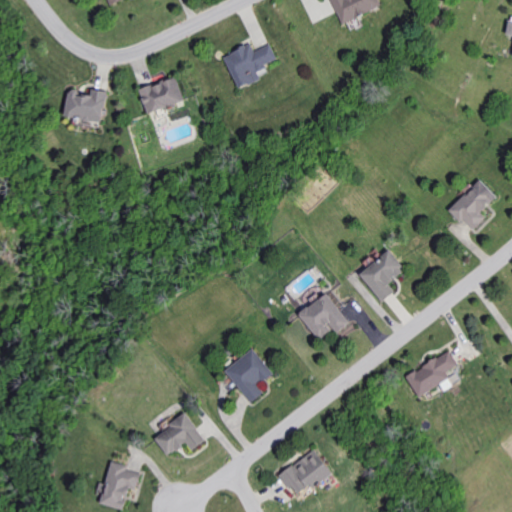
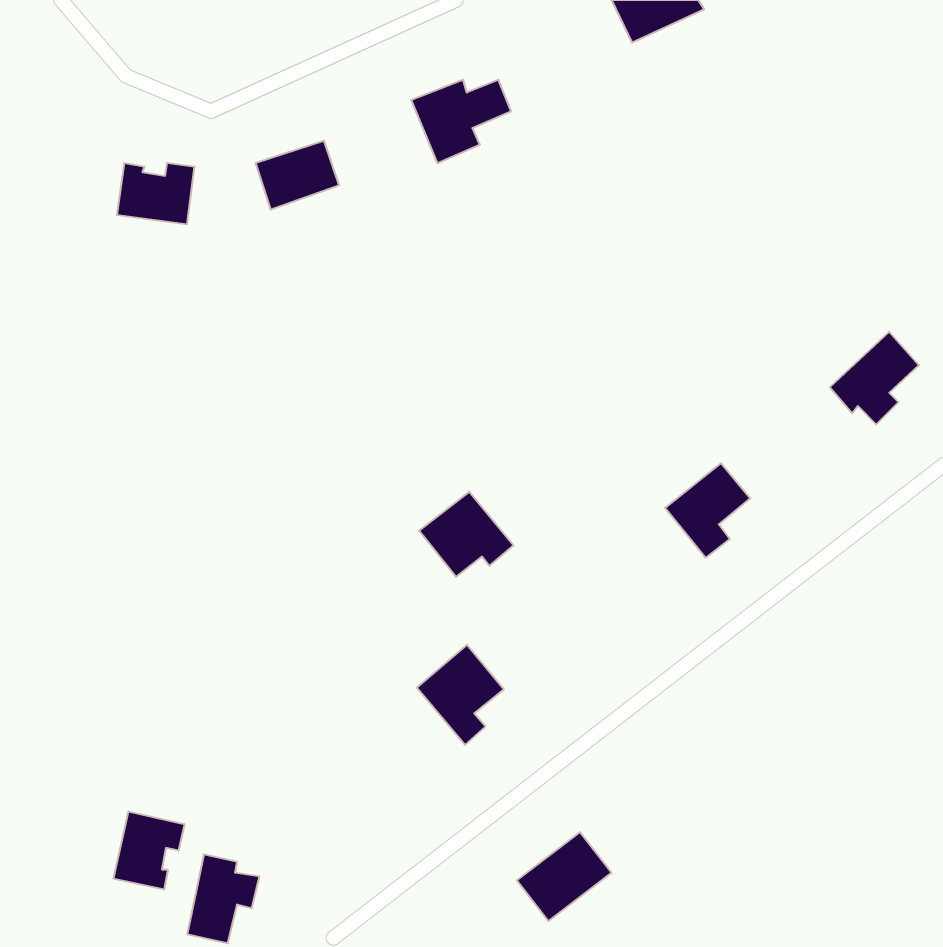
building: [298,293,349,339] -> [419,492,514,577]
building: [405,351,457,396] -> none
building: [153,413,205,456] -> none
building: none -> [114,811,184,890]

